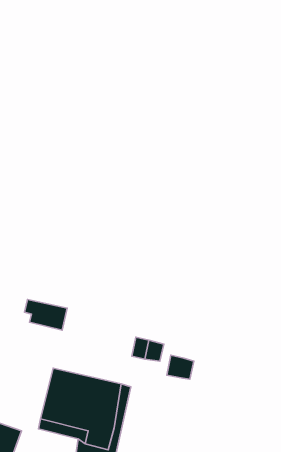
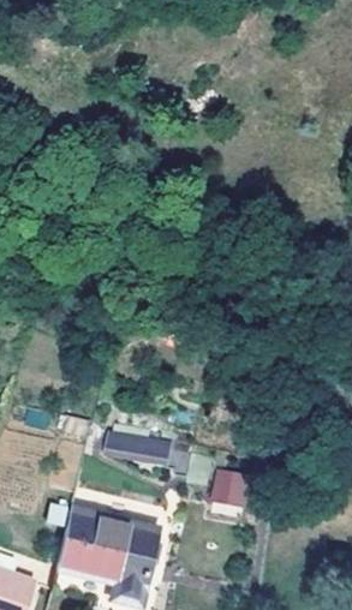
building: [24,299,67,330] -> [102,431,154,468]

